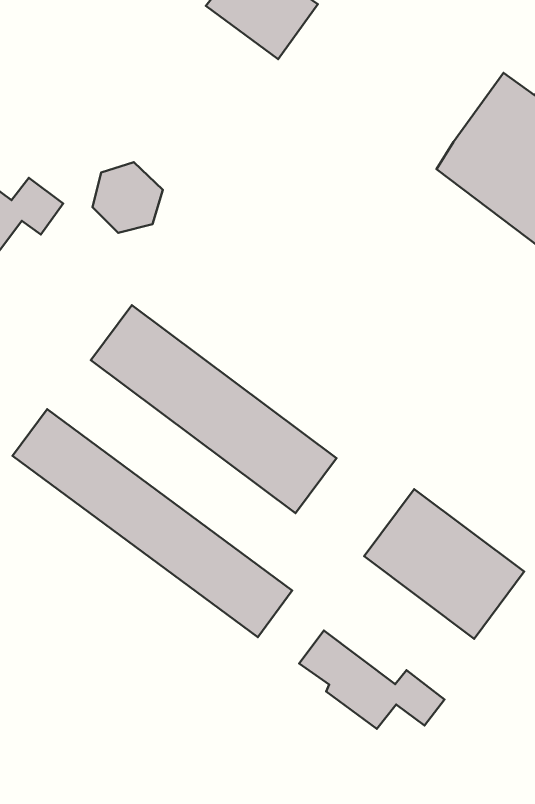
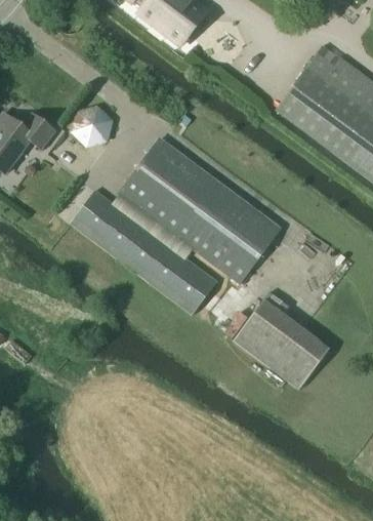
building: none -> [118,138,279,283]
building: [13,409,292,637] -> none
building: [299,631,444,729] -> none

